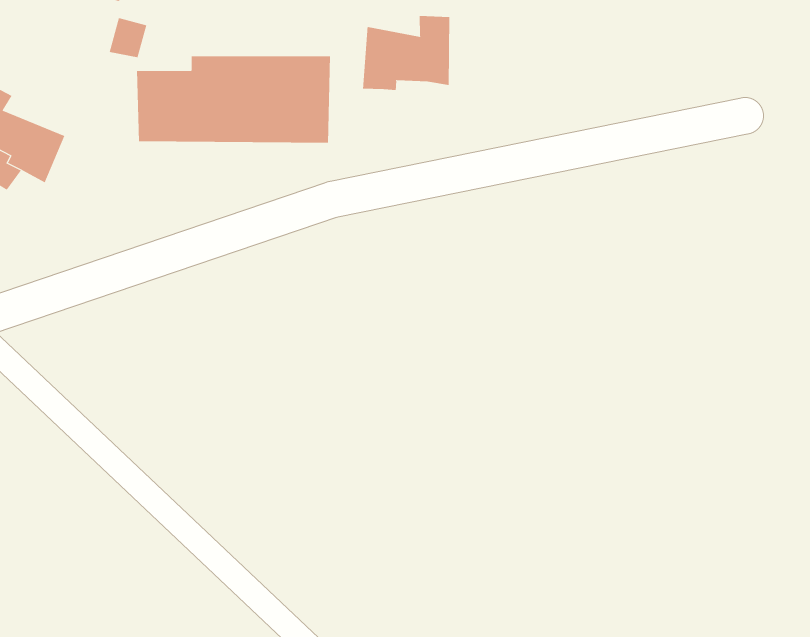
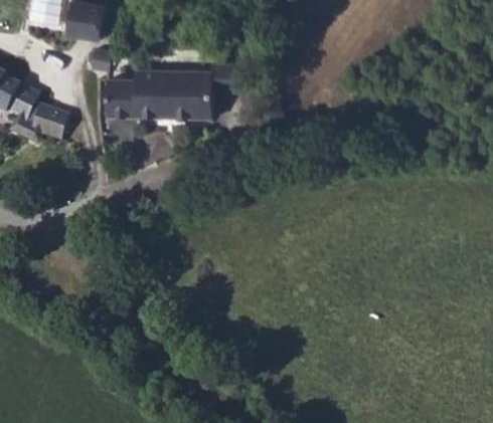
building: [362,15,450,91] -> none

